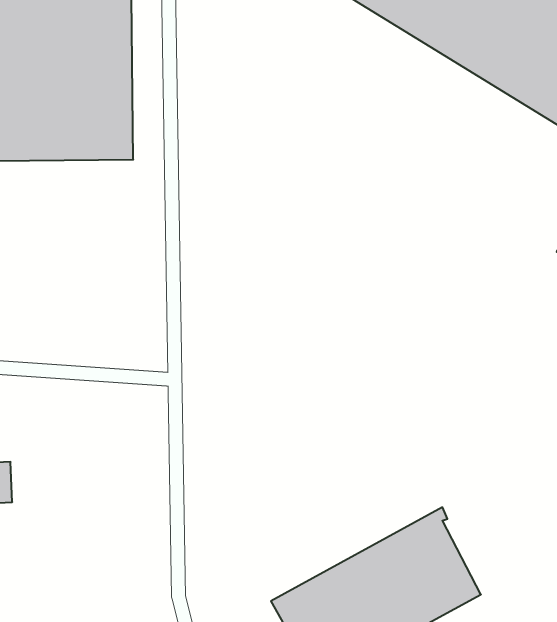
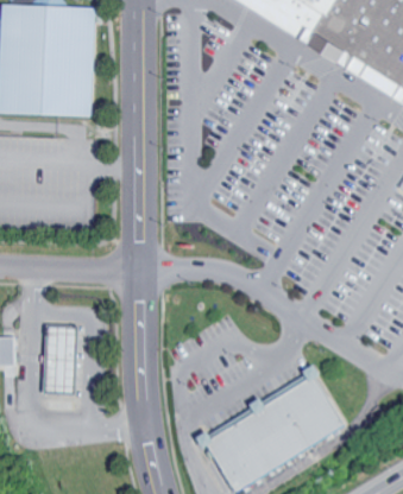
building: none -> [46,324,78,387]

